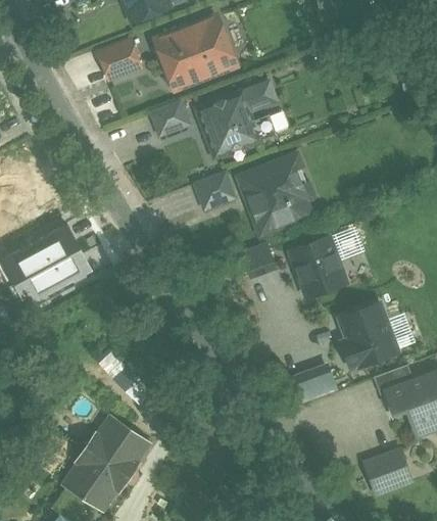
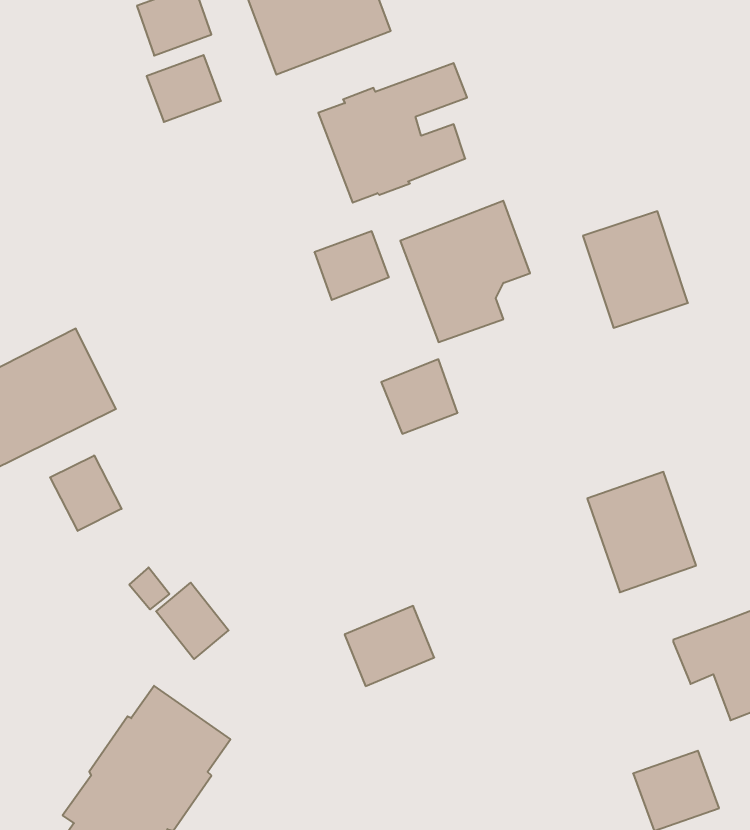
building: [150,99,190,135] -> [147,55,221,122]
building: [291,235,347,297] -> [583,211,688,328]
building: none -> [50,455,122,531]
building: [285,360,333,402] -> [345,606,434,686]
building: [374,363,415,394] -> none

